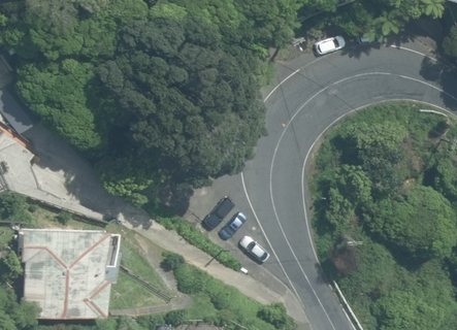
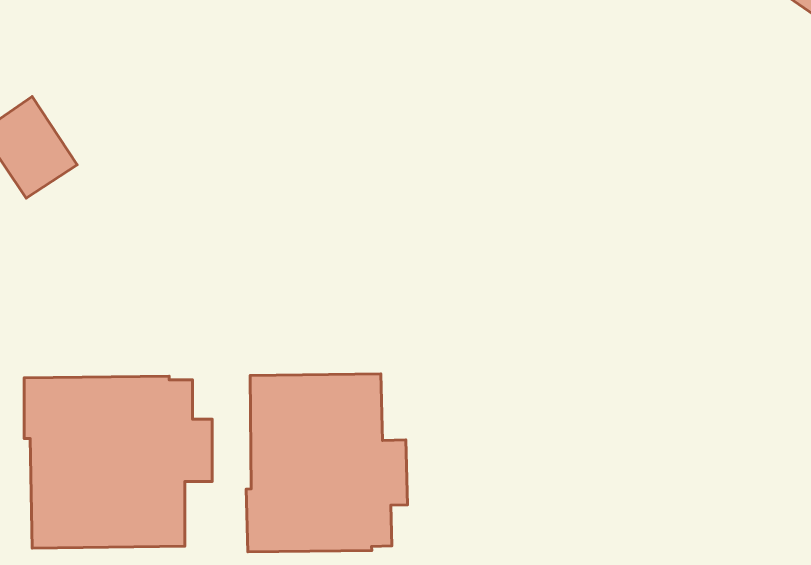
building: none -> [246,374,407,552]

